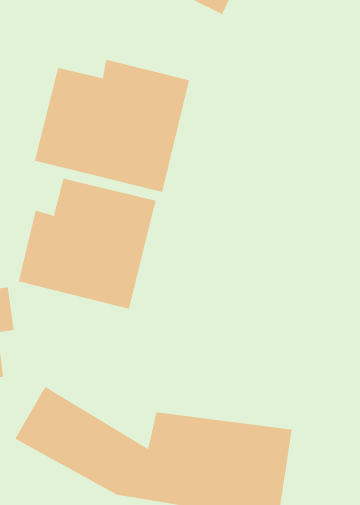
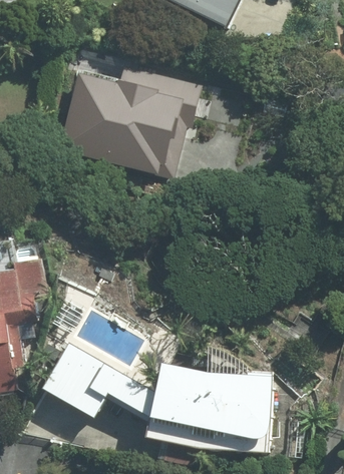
building: [18,178,156,310] -> none

